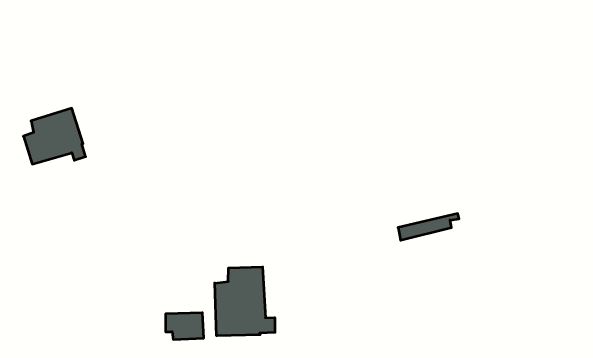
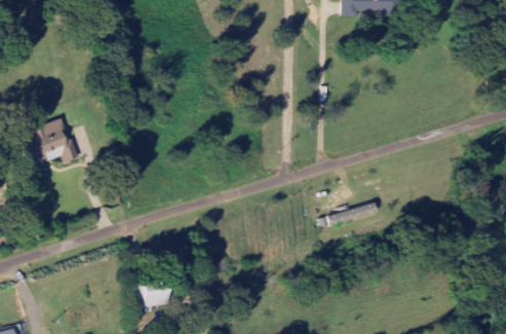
building: [215,267,275,336] -> none

